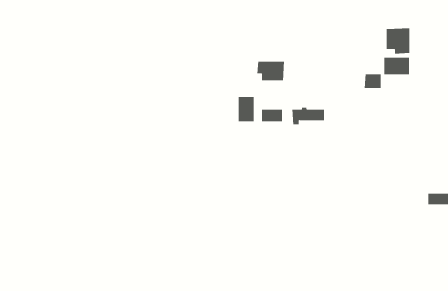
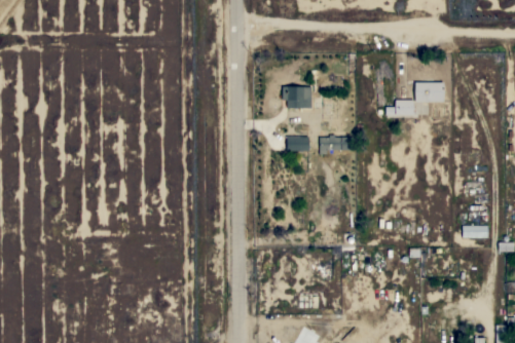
building: [386,27,410,54] -> none
building: [238,96,254,122] -> none

